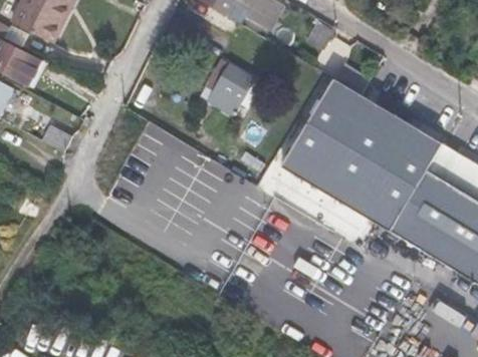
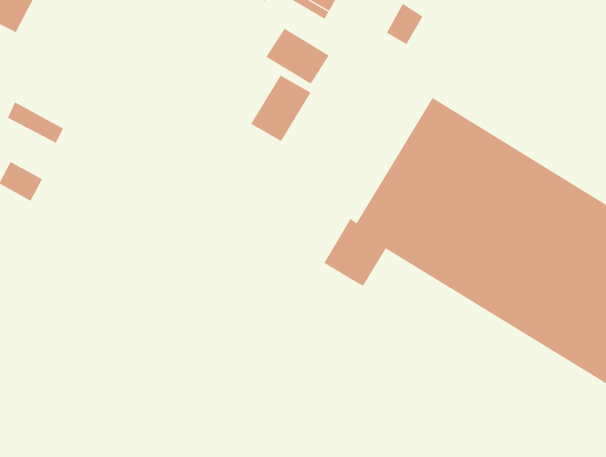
building: none -> [266,28,330,84]

